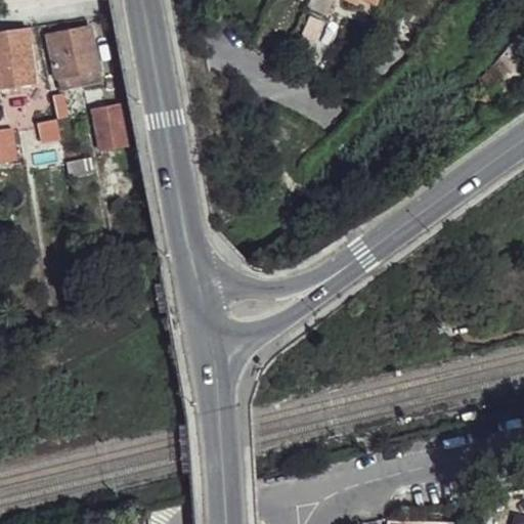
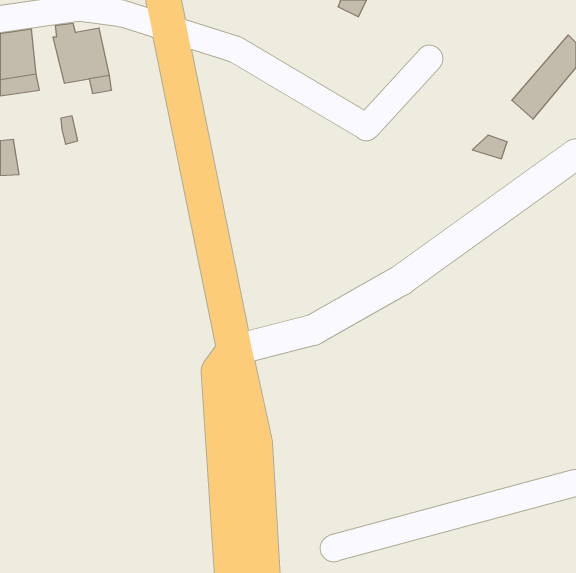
building: [89,102,129,148] -> none

